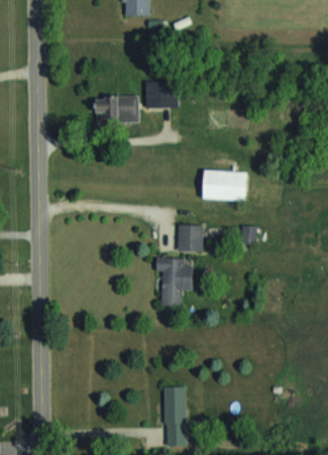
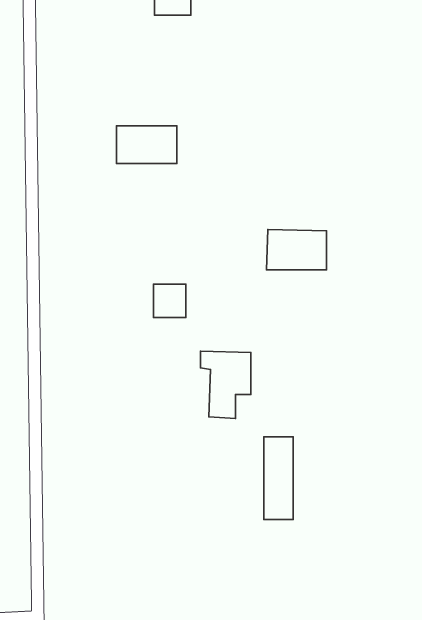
building: [144,82,177,107] -> none
building: [178,226,201,250] -> [154,284,186,318]
building: [165,387,186,447] -> [264,437,293,519]

